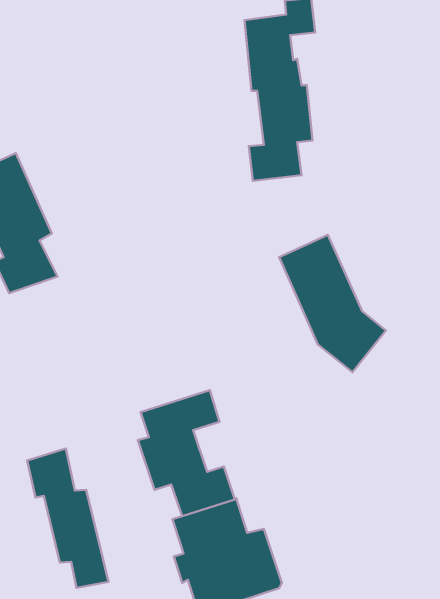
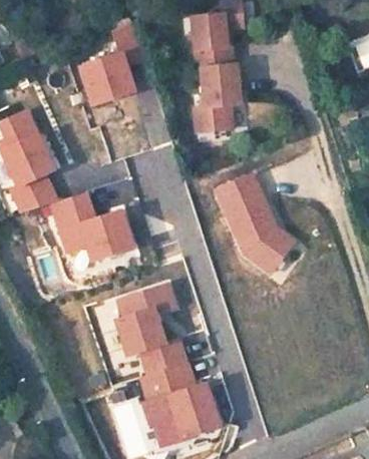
building: none -> [81,20,146,104]
building: none -> [50,192,132,262]
building: [27,448,109,588] -> none

